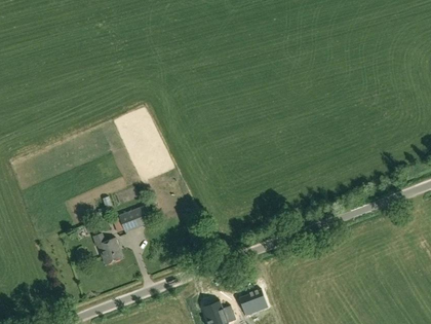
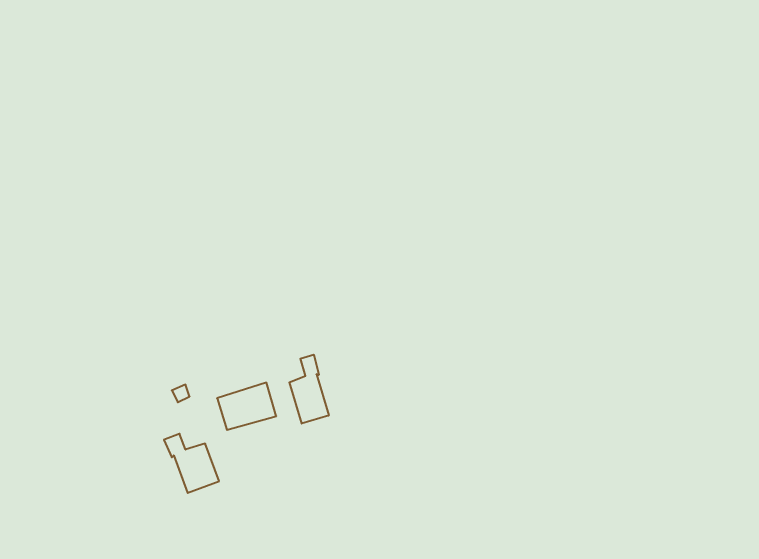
building: none -> [289,355,329,424]

